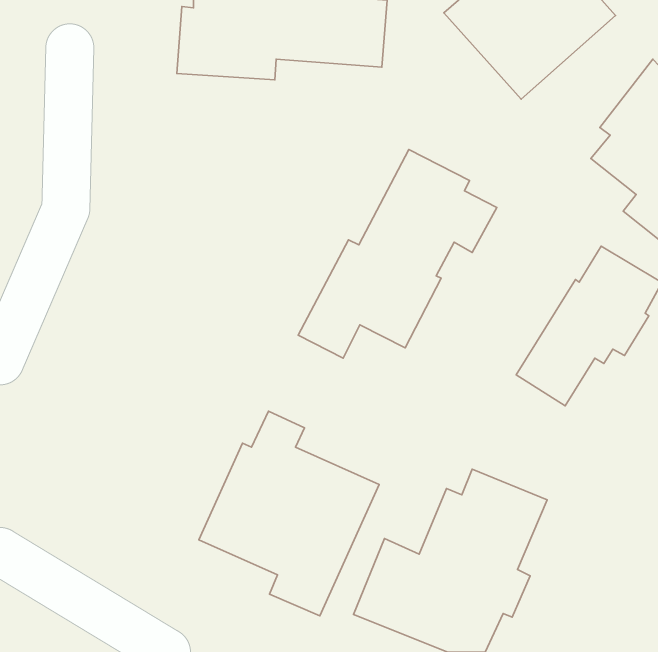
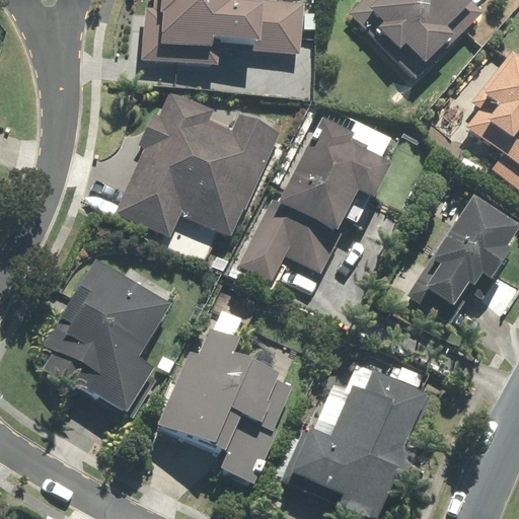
building: none -> [119,89,281,236]
building: none -> [42,255,172,415]

